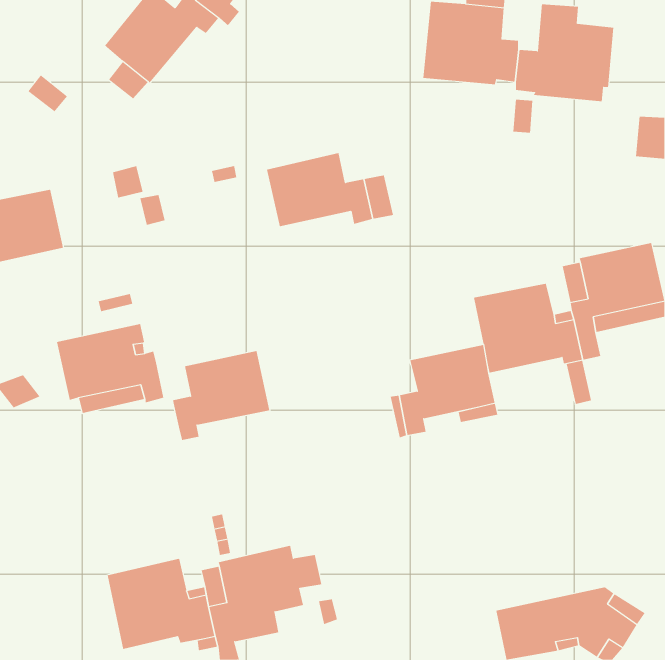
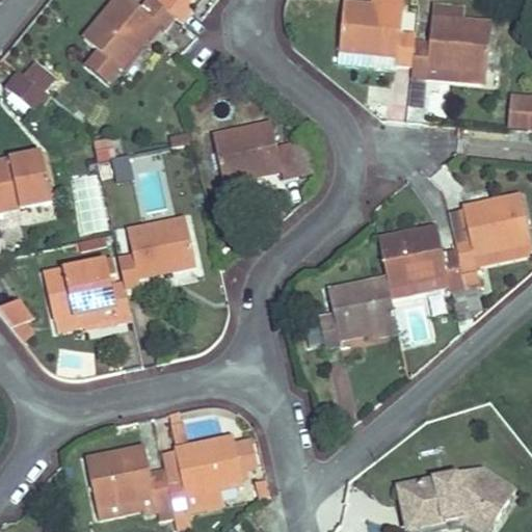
building: none -> [4,68,50,110]
building: [172,351,270,441] -> [117,216,195,288]

